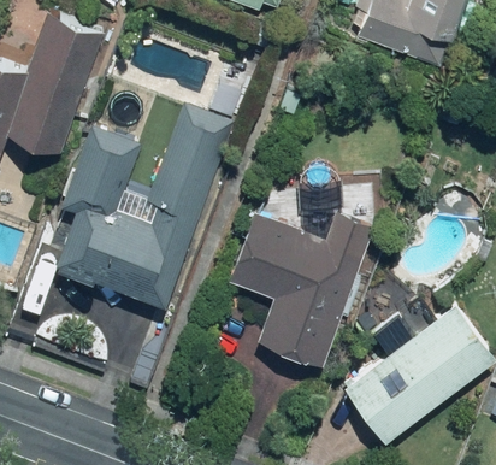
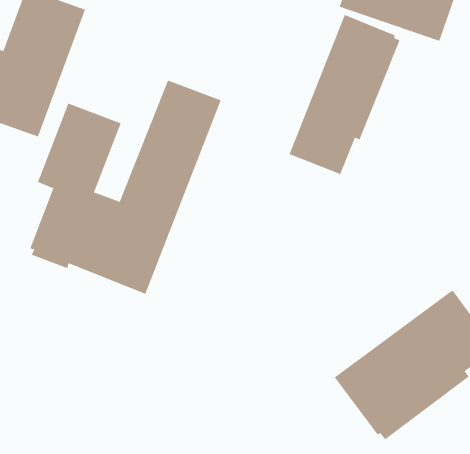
building: none -> [289,14,400,175]
building: [225,213,372,363] -> none

